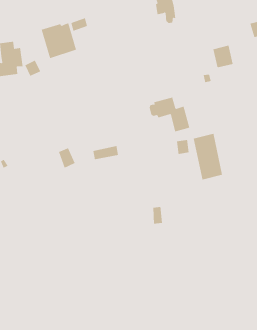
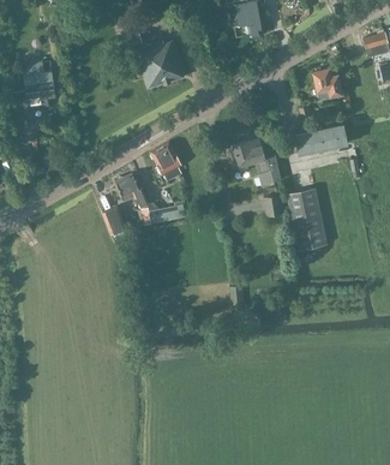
building: [41,23,77,59] -> [134,40,184,89]
building: none -> [294,125,346,154]
building: none -> [150,142,181,181]
building: none -> [115,173,148,208]

